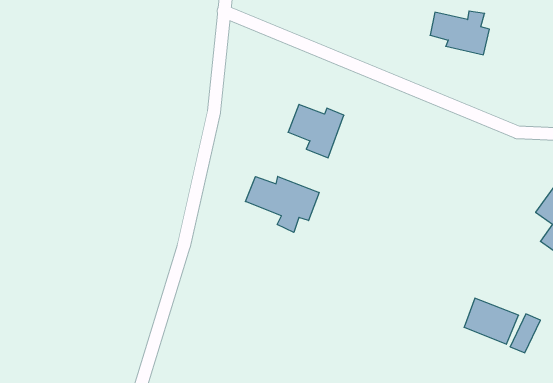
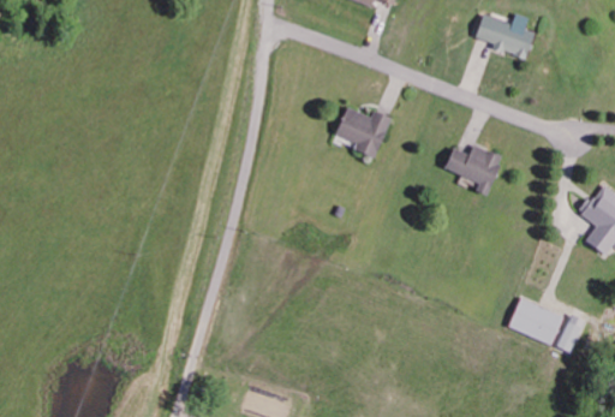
building: none -> [443,144,503,193]
building: [245,176,319,232] -> none

